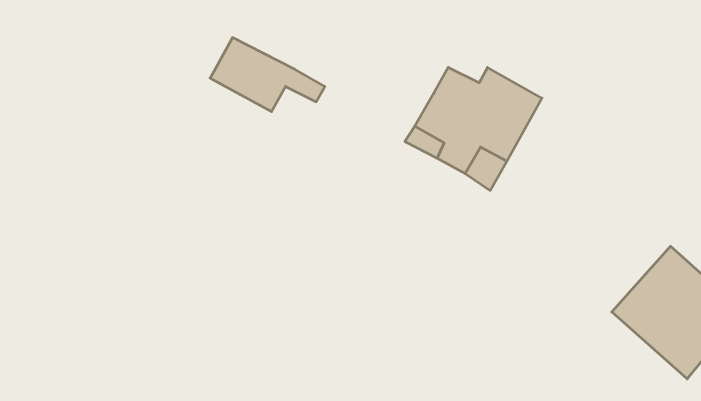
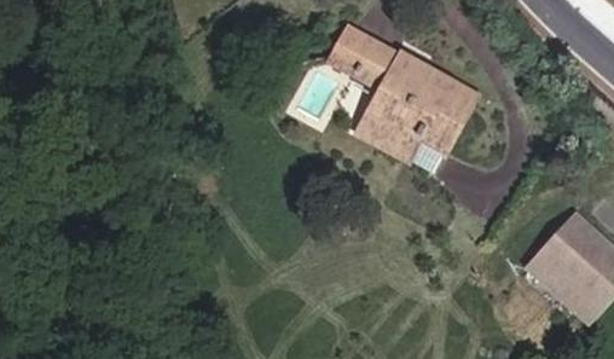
building: [210,38,325,112] -> [325,21,424,85]

